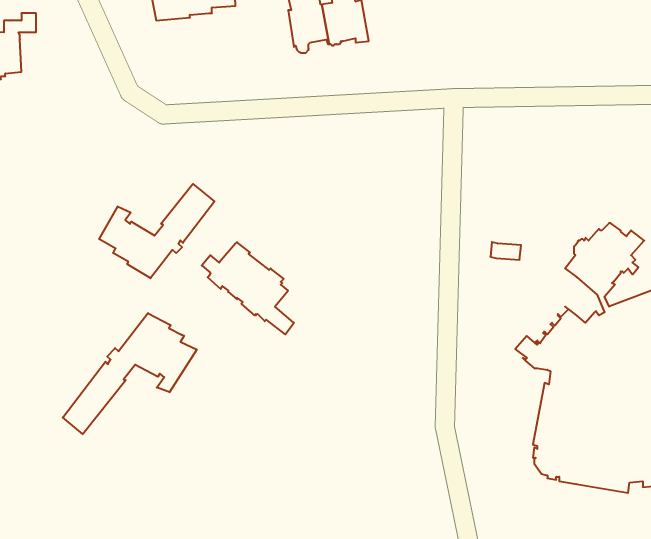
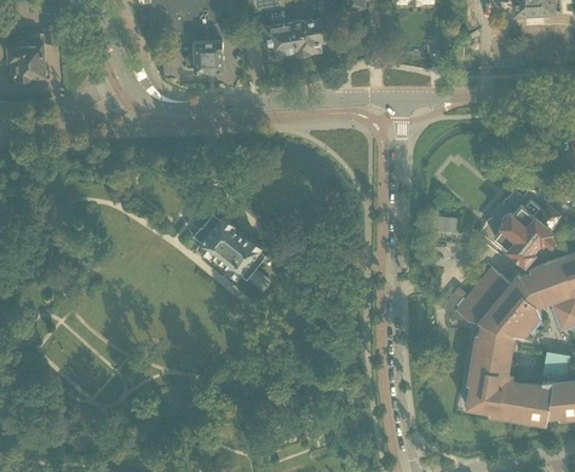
building: none -> [185,23,224,71]
building: [99,184,214,278] -> none
building: [63,313,197,434] -> none

